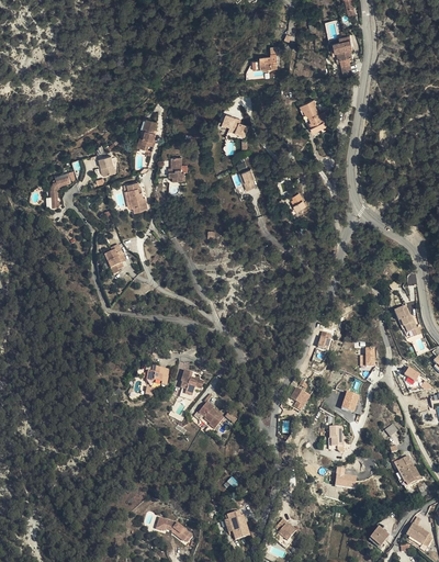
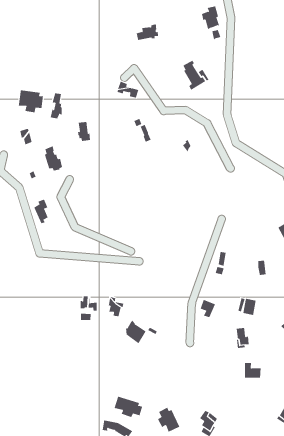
building: none -> [18,90,44,113]
building: none -> [114,396,143,418]

